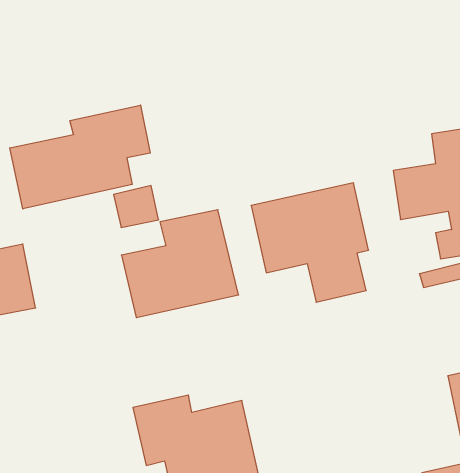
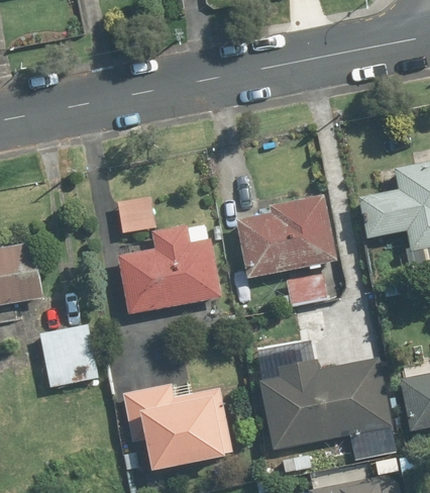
building: [10,105,150,209] -> none
building: none -> [39,324,97,386]
building: none -> [261,360,391,447]

